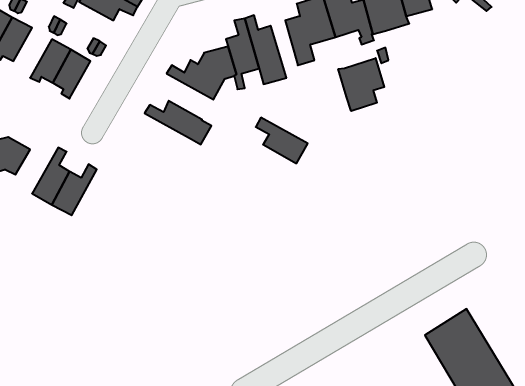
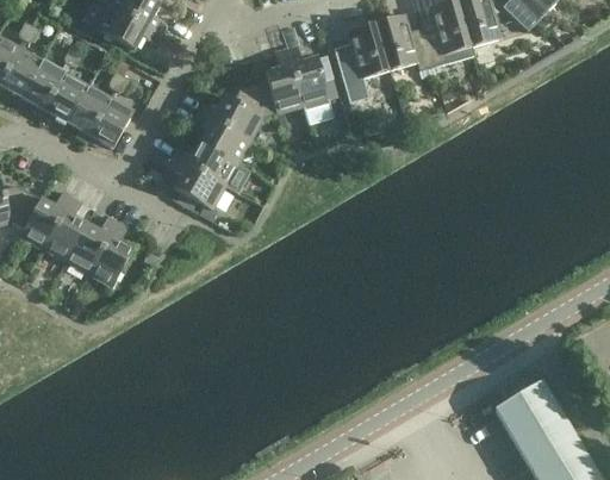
building: none -> [21,58,66,116]
building: [338,58,384,111] -> none
building: none -> [86,96,133,147]
building: none -> [167,156,225,210]
building: [256,118,308,163] -> [191,111,250,163]
building: none -> [19,189,73,248]
building: none -> [88,220,132,286]

